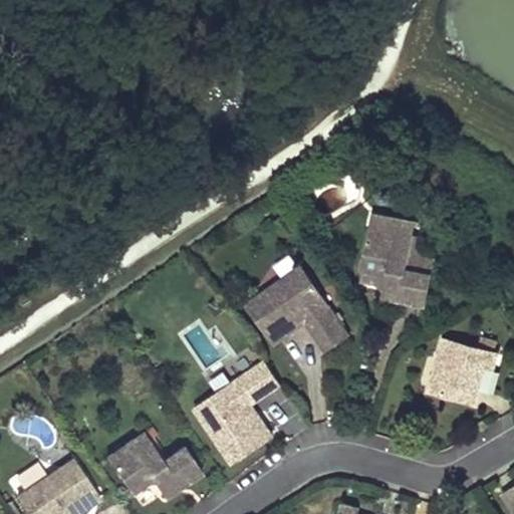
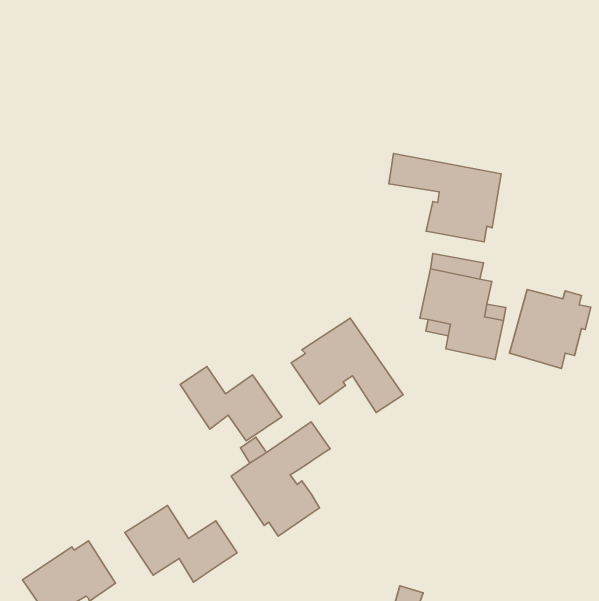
building: none -> [389,153,501,242]
building: none -> [180,367,282,441]
building: [433,339,502,407] -> [510,290,591,368]

